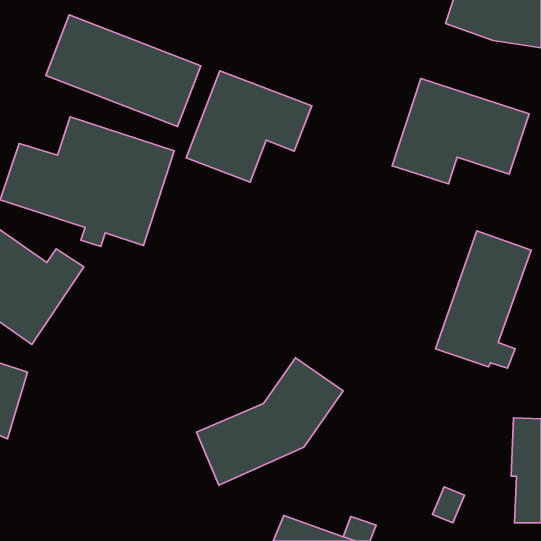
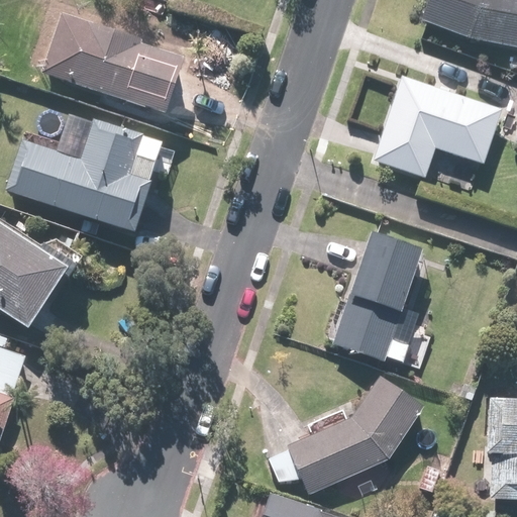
building: [186,71,312,182] -> none
building: [435,231,531,368] -> [334,231,425,361]
building: [197,358,343,485] -> [286,373,425,494]

